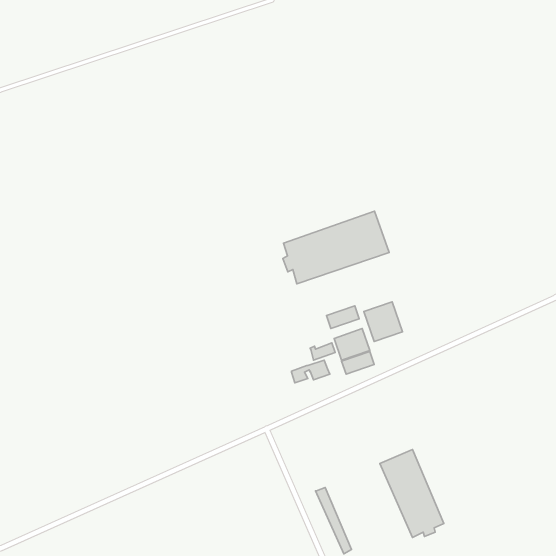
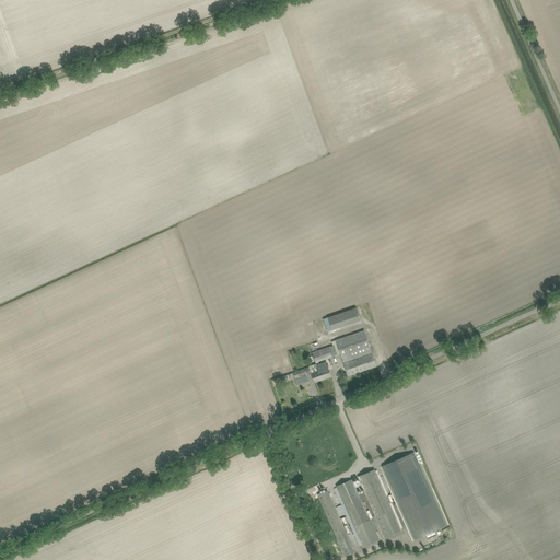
building: [283,211,389,284] -> none
building: [364,302,402,342] -> none
building: none -> [337,469,401,547]

